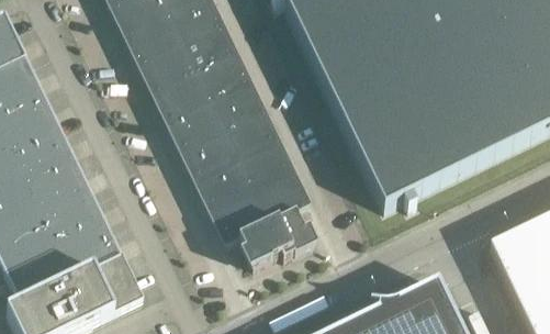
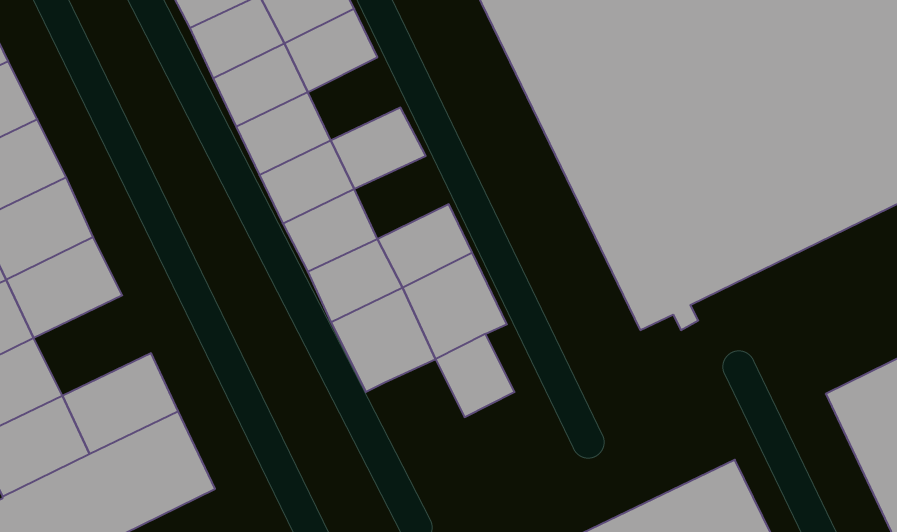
building: [194,51,247,98] -> none
building: [221,107,274,154] -> none
building: [38,186,105,243] -> none
building: [238,222,283,264] -> none

